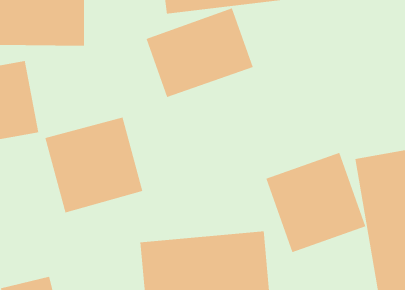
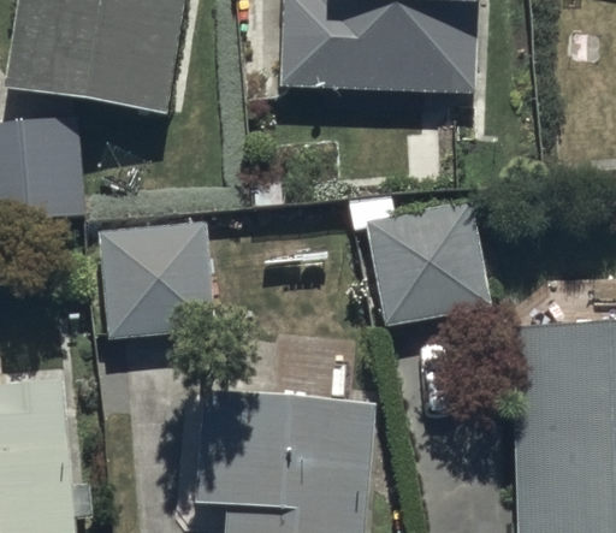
building: [146,7,253,98] -> none
building: [266,152,366,253] -> [363,196,491,324]

